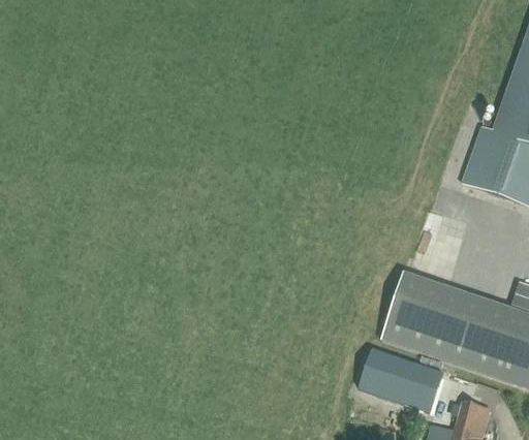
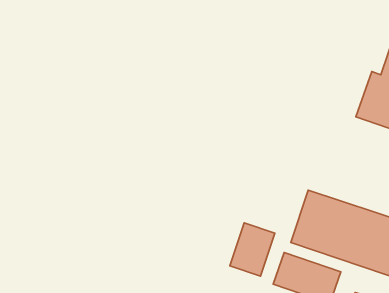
building: none -> [230,223,275,276]

